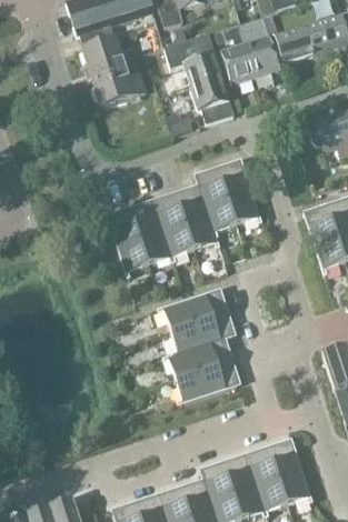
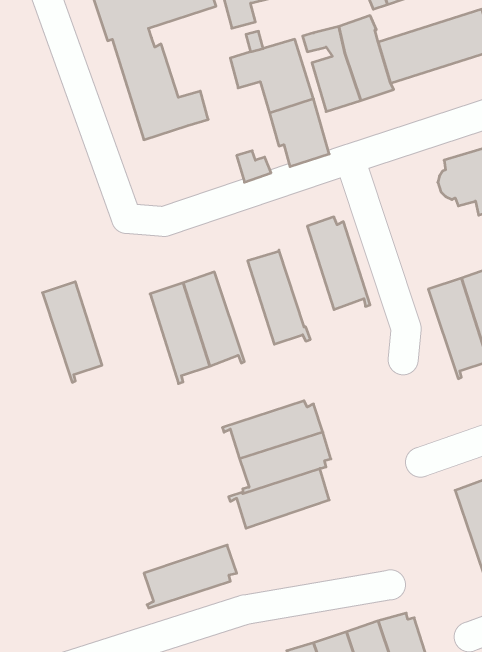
building: [196,167,237,238] -> none
building: [152,191,195,262] -> [42,282,102,382]
building: [175,360,240,404] -> [144,545,237,608]

